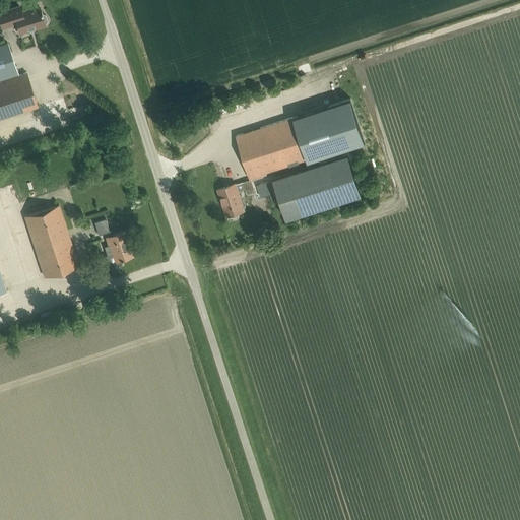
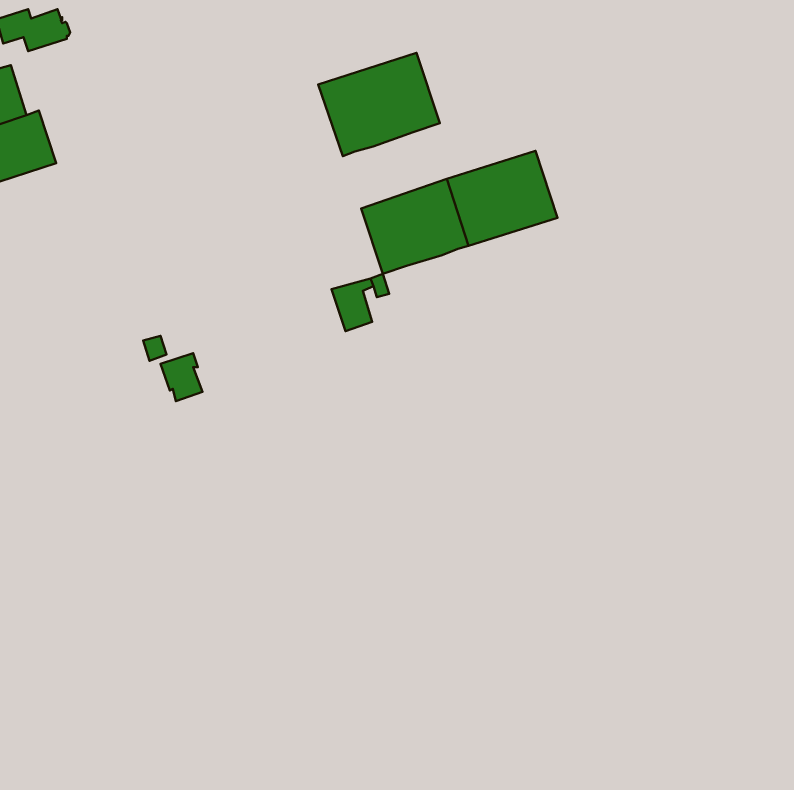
building: none -> [318,53,440,156]
building: [272,156,360,219] -> none
building: [23,208,77,279] -> none

